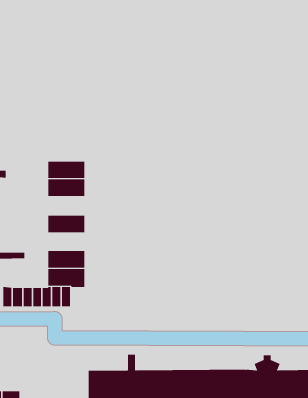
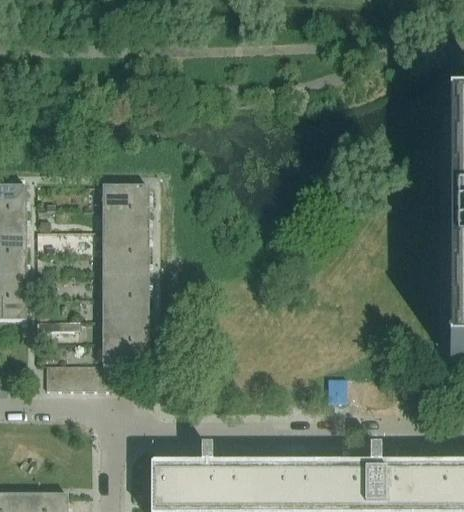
building: none -> [103,186,150,208]
building: none -> [103,252,150,275]
building: none -> [103,297,150,319]

